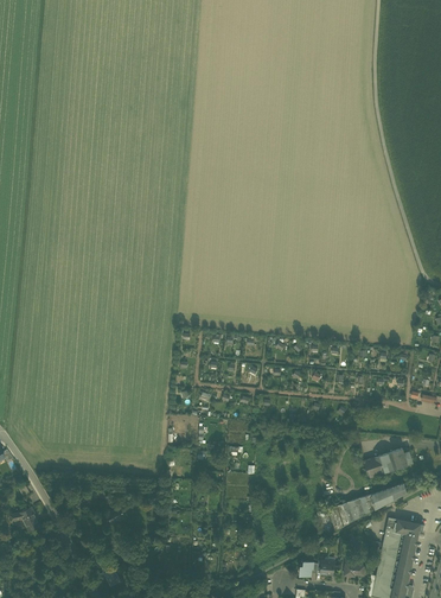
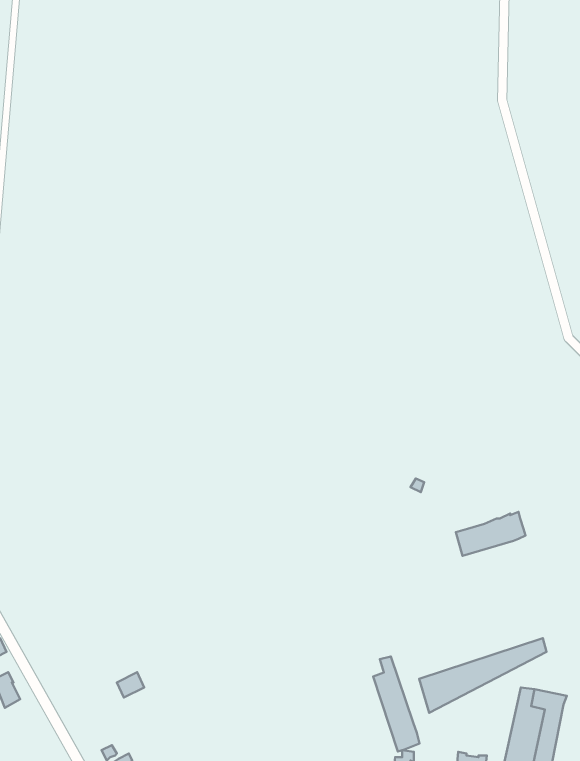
building: [364,446,413,477] -> [456,512,525,556]
building: none -> [373,657,419,752]

